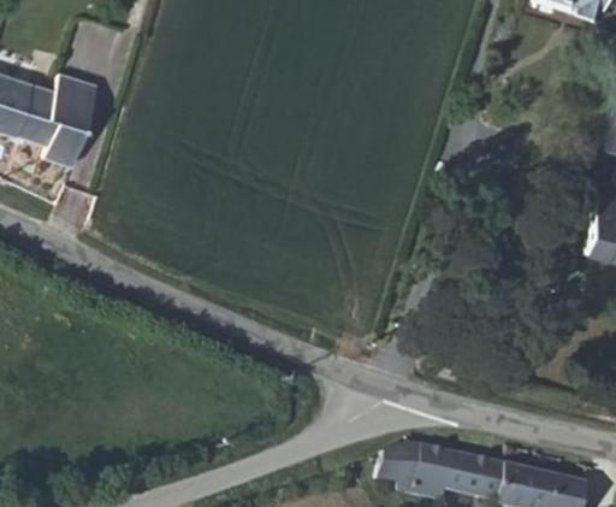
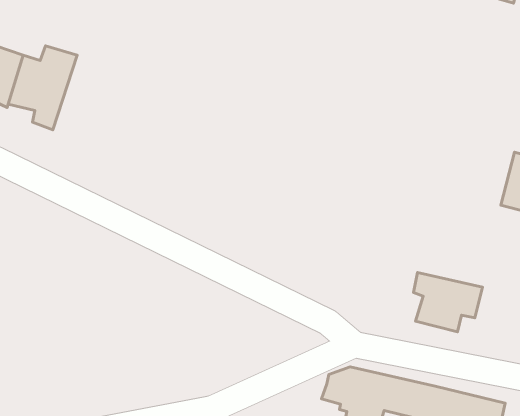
building: none -> [414,272,482,332]

